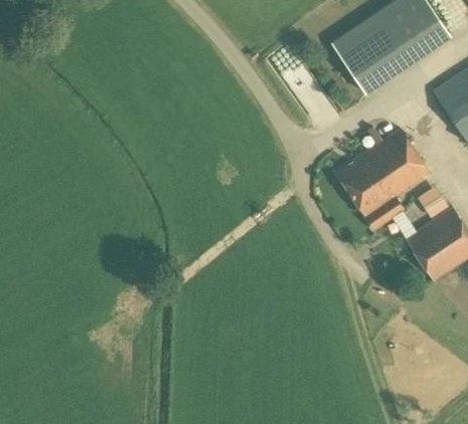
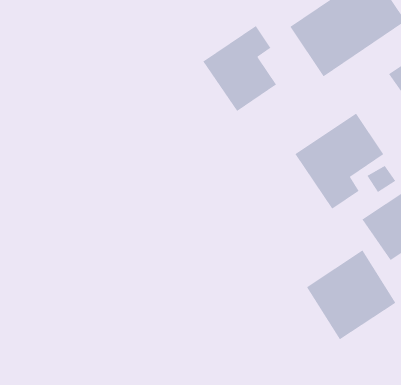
building: none -> [202,25,277,112]
building: none -> [306,250,396,340]

